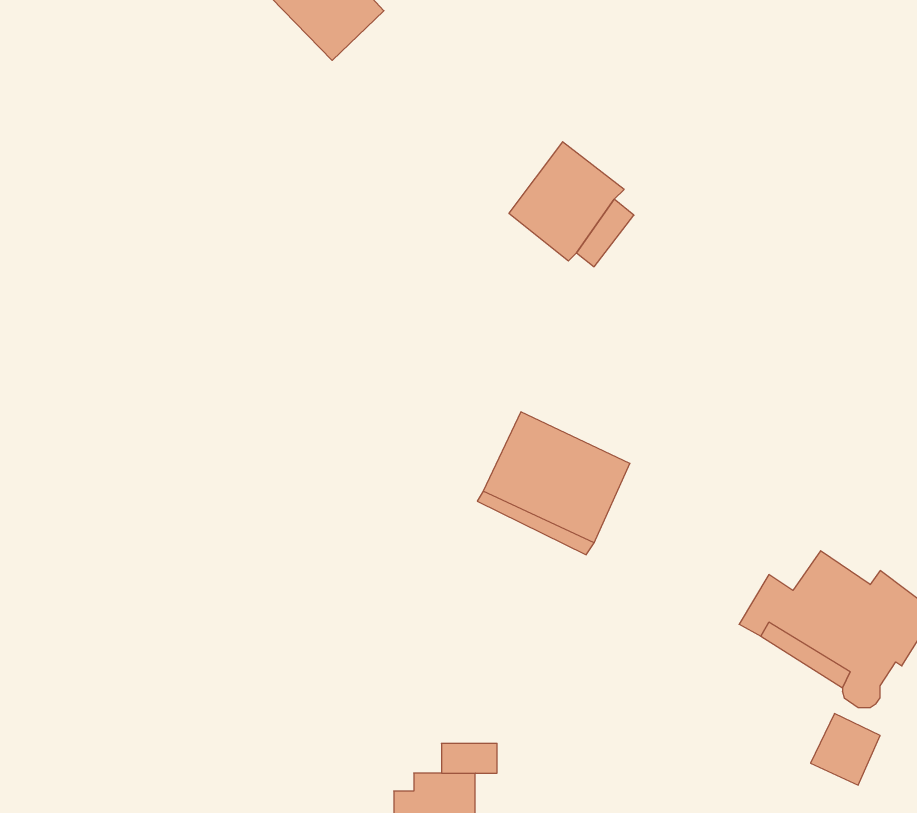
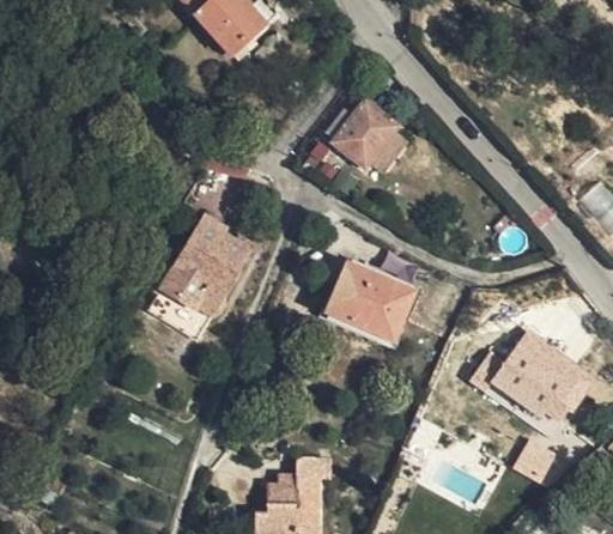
building: none -> [162,214,250,310]

